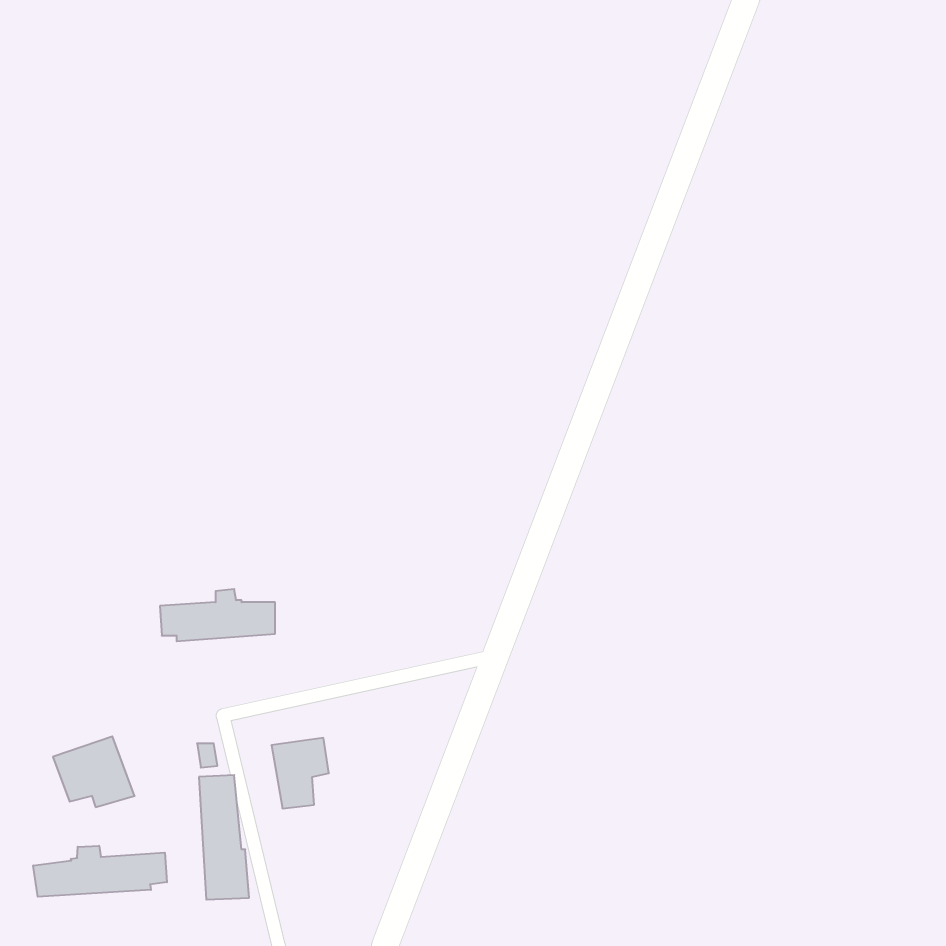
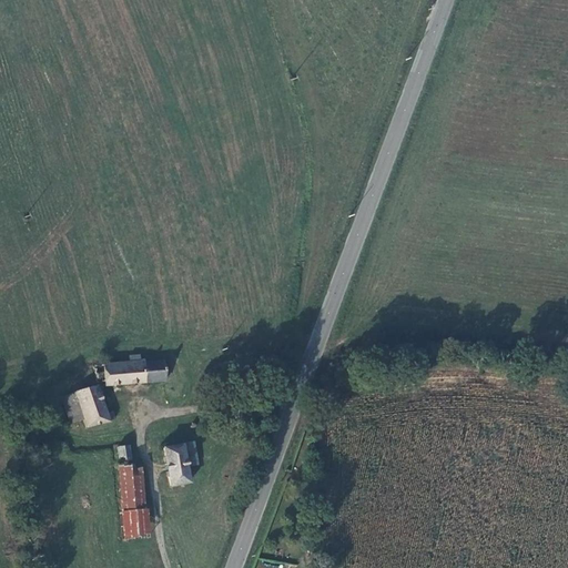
building: [53,736,135,807] -> [63,383,112,425]
building: [33,846,167,897] -> none

